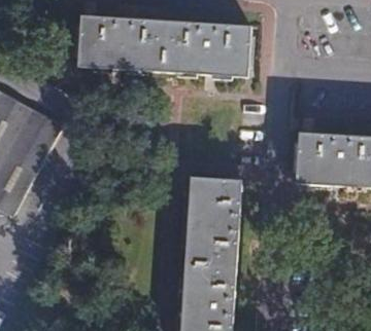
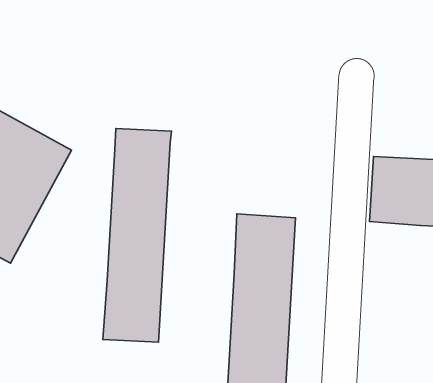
building: [81,15,250,74] -> none
building: none -> [103,129,171,342]

